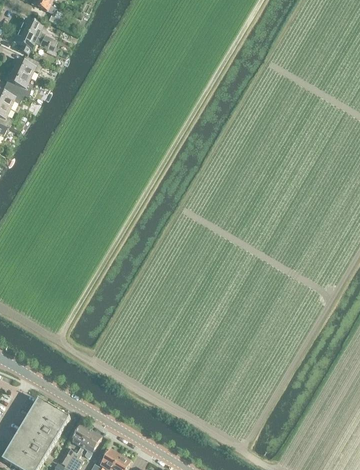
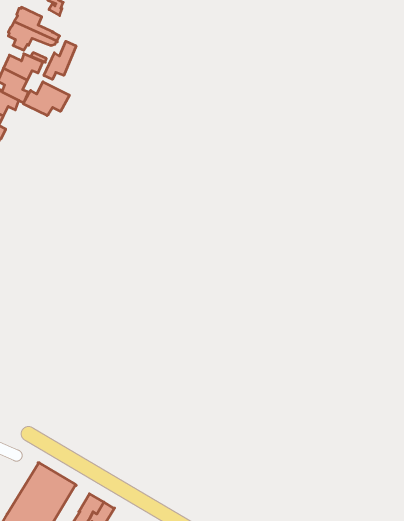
building: none -> [44,41,76,79]
building: none -> [23,82,69,116]

